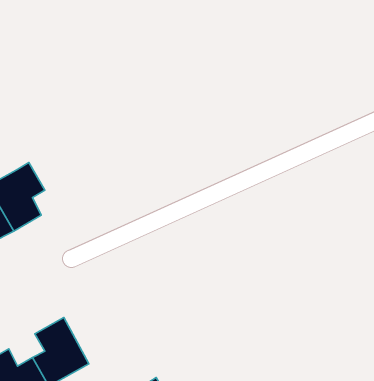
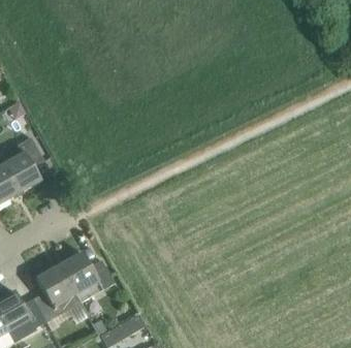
building: none -> [58,253,114,304]

